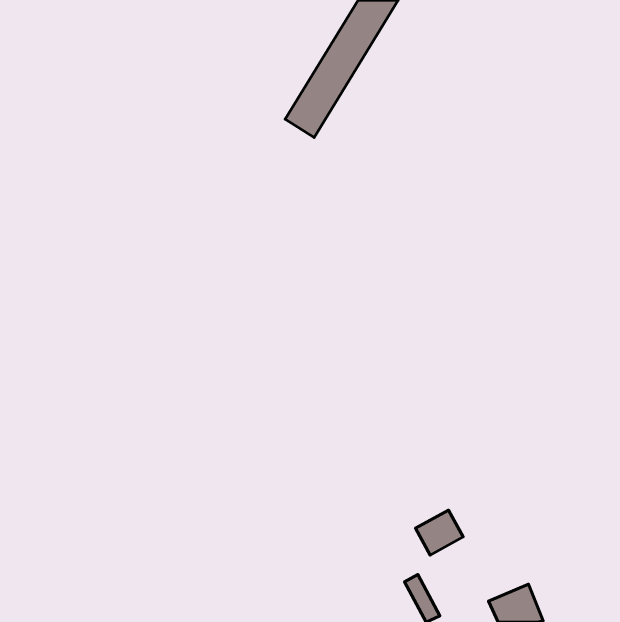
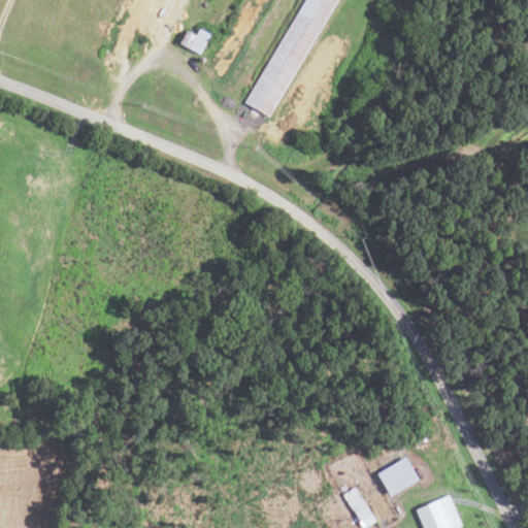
building: none -> [178,29,210,55]
building: [416,510,463,555] -> [378,457,419,495]

